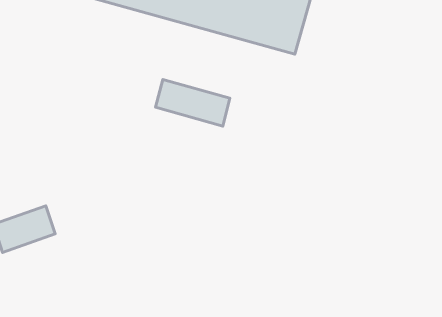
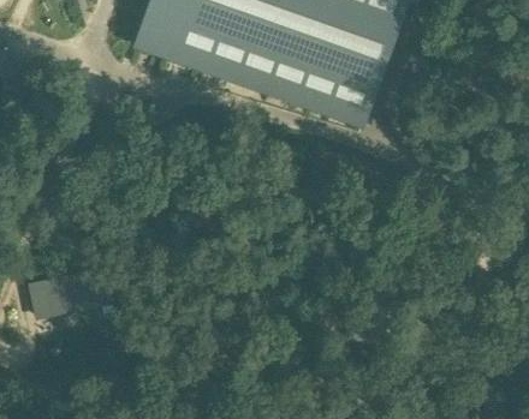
building: [156,79,230,126] -> none

